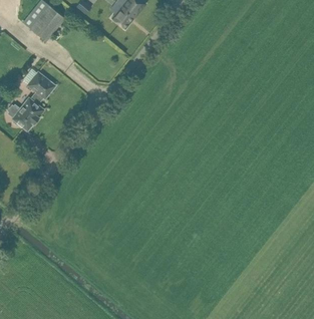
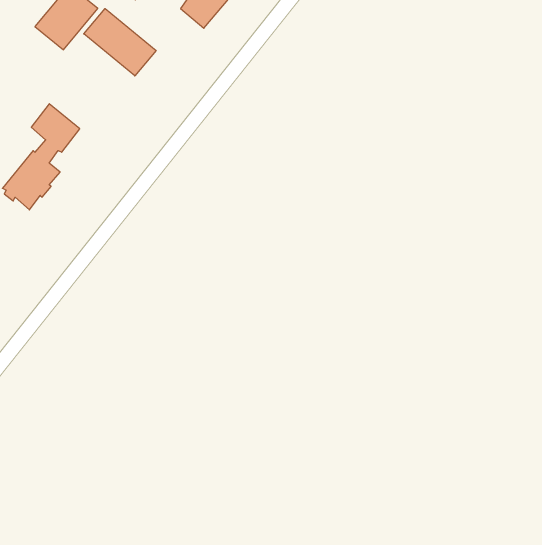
building: none -> [84,9,156,76]

